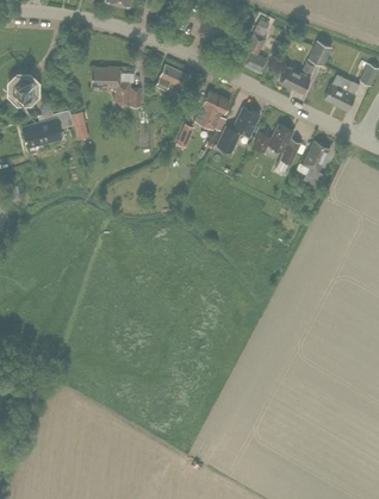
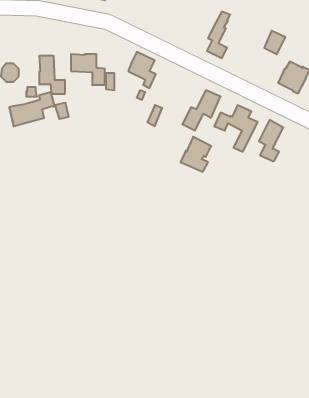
building: [279,60,315,92] -> none
building: none -> [39,56,65,94]
building: [194,89,229,129] -> [180,137,211,172]

